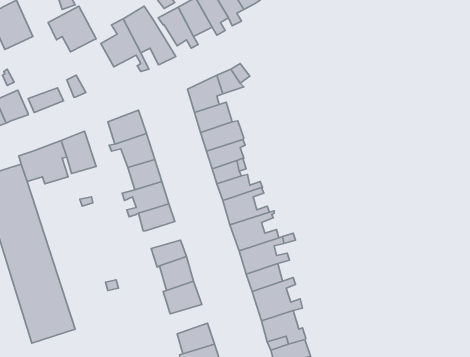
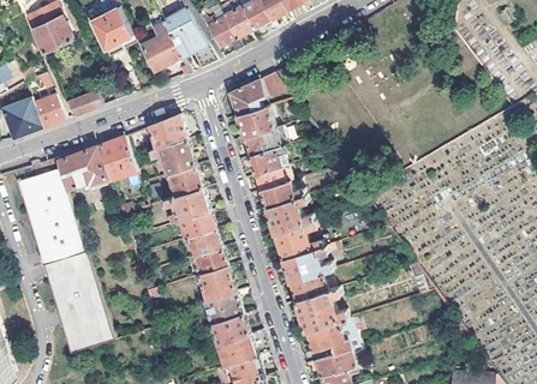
building: none -> [186,229,222,257]
building: none -> [211,314,250,344]

